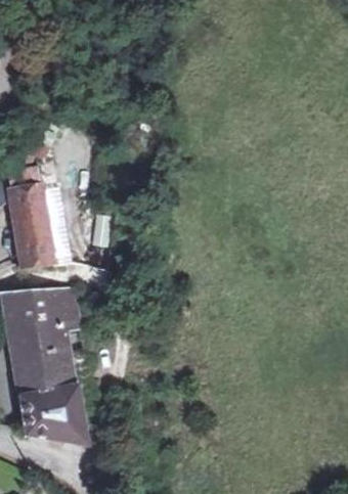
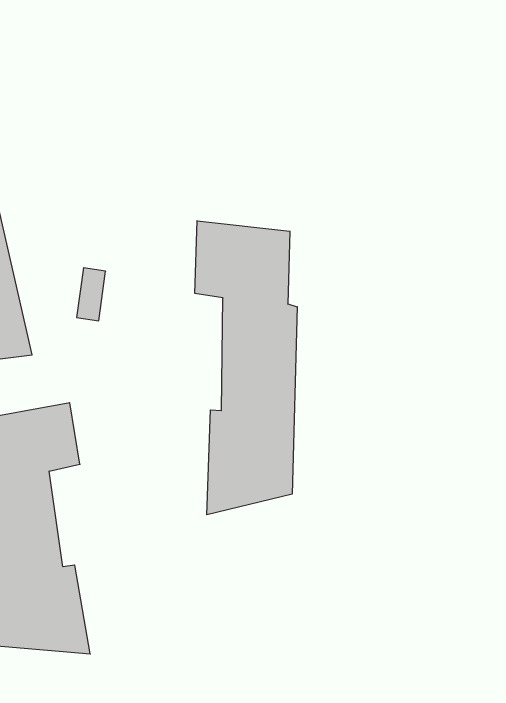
building: none -> [195,221,297,515]

